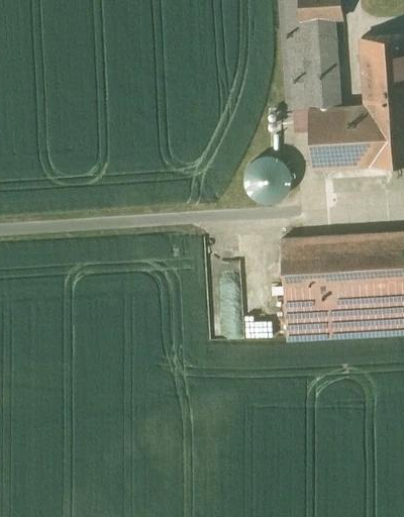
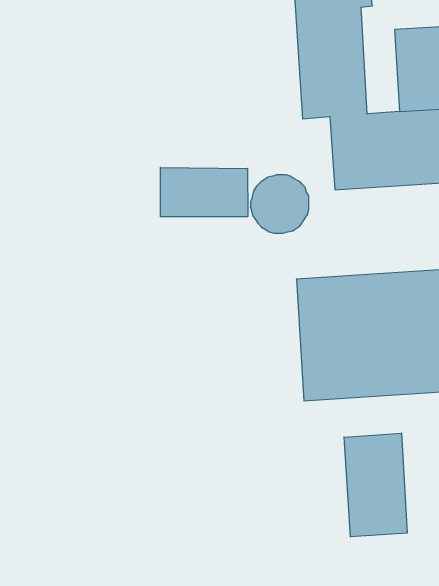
building: none -> [160,167,248,217]
building: none -> [344,433,407,537]

